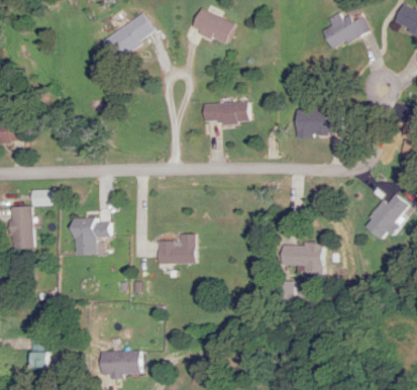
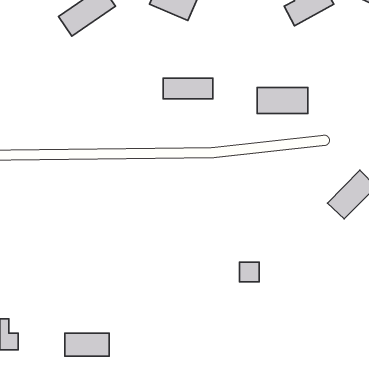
building: [75,219,115,255] -> none
building: [152,234,189,263] -> none
building: [275,245,319,265] -> none

